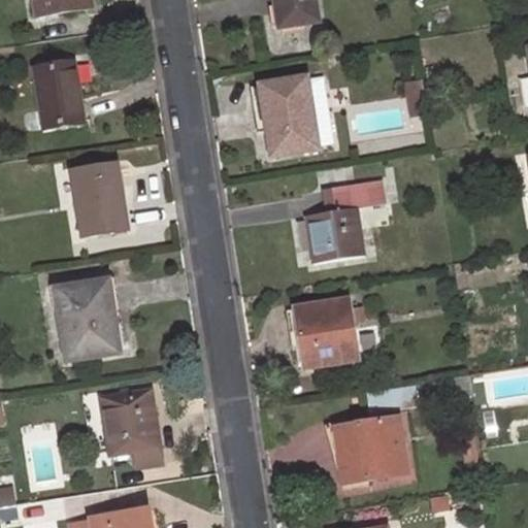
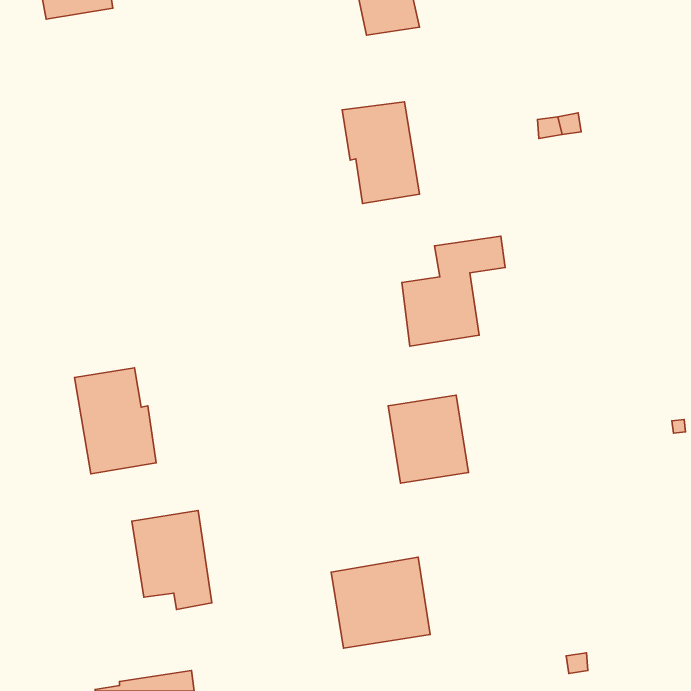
building: [33,62,82,126] -> none
building: [72,165,123,234] -> none
building: [333,416,408,485] -> [331,557,430,648]

